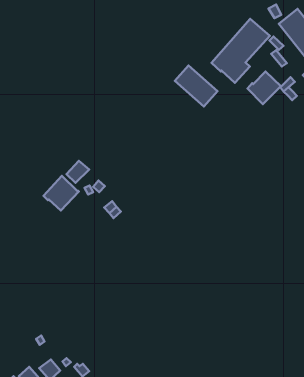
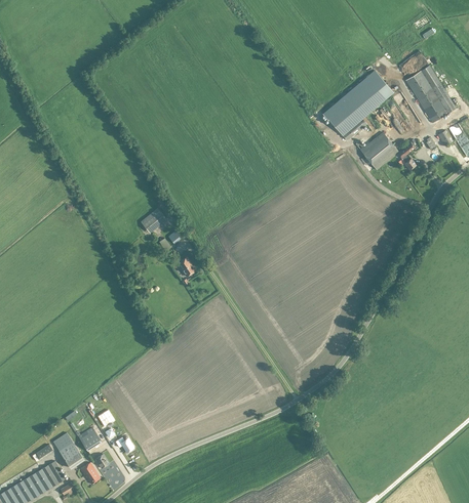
building: [175,66,218,107] -> none
building: [43,176,79,210] -> none

